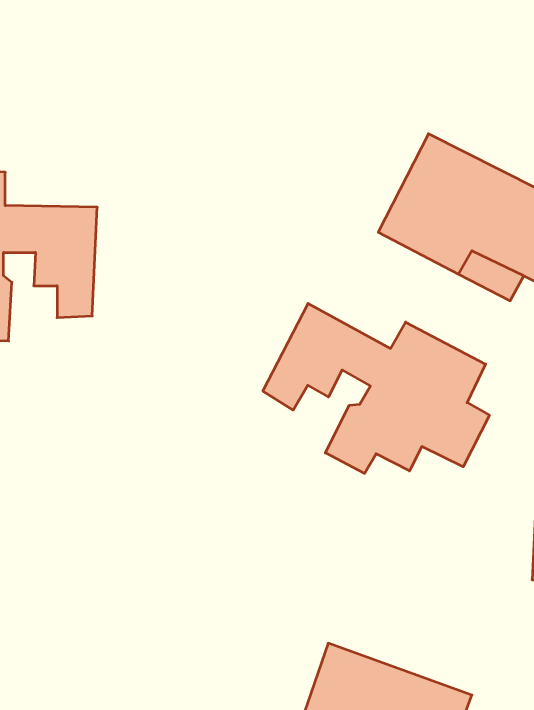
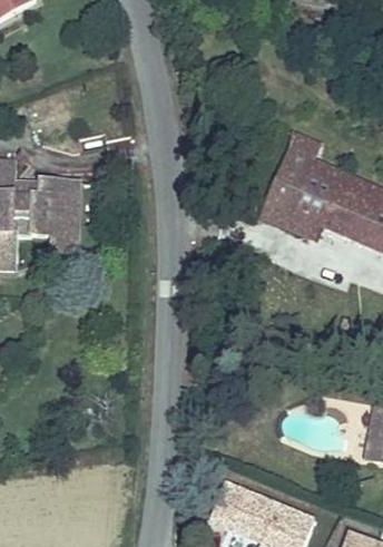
building: [263,303,489,473] -> none

